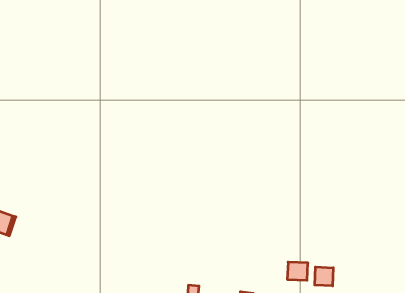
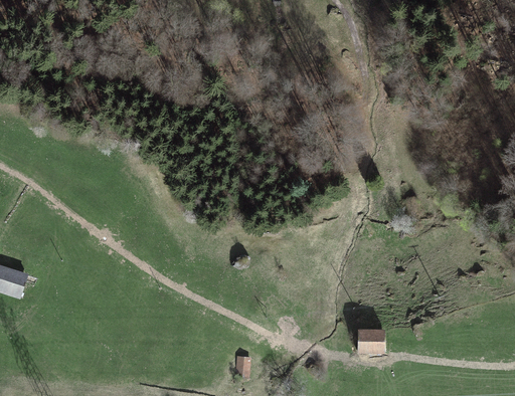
building: [315,267,333,286] -> none

